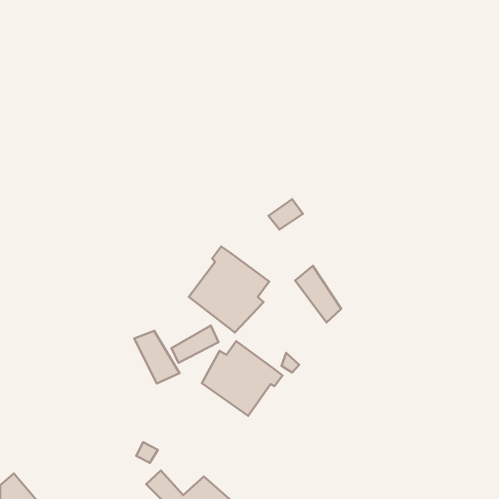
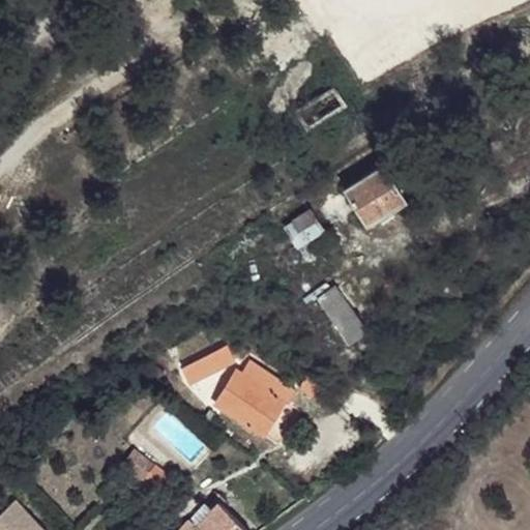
building: none -> [347,166,403,220]
building: [189,247,269,333] -> none
building: [134,331,180,383] -> none

